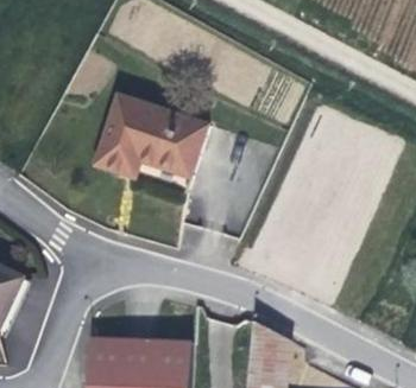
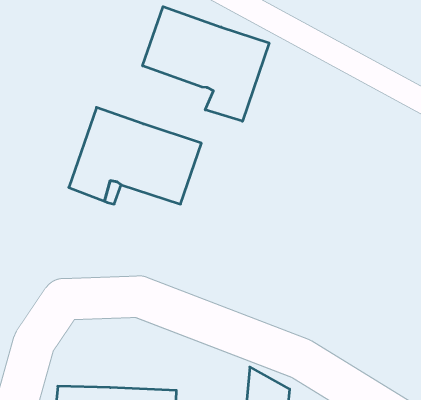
building: none -> [143,7,269,121]

